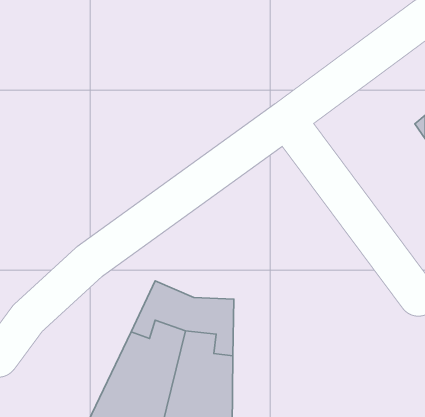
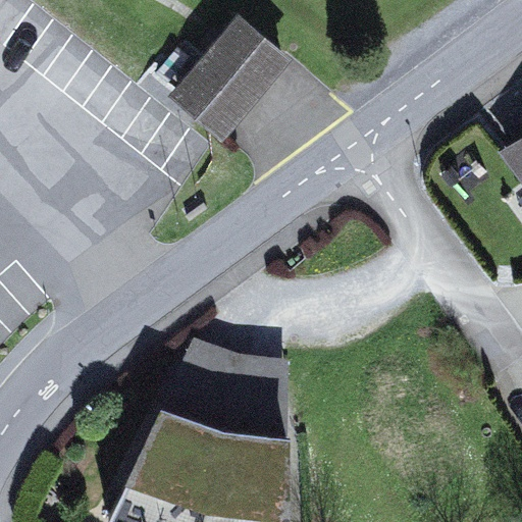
building: none -> [177,34,281,141]

